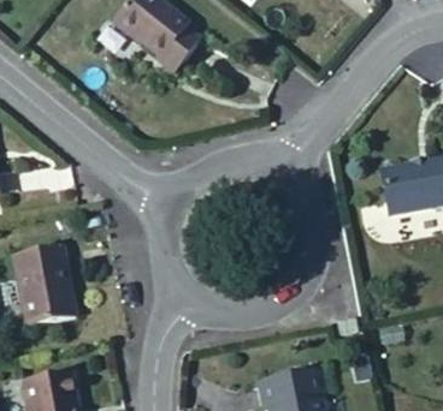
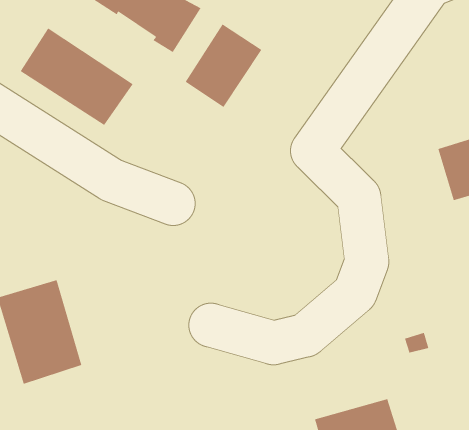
building: none -> [20,28,134,126]
building: none -> [185,24,262,108]

